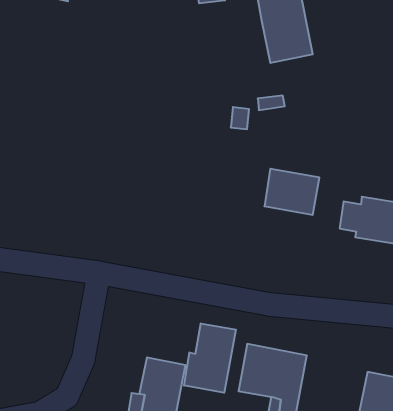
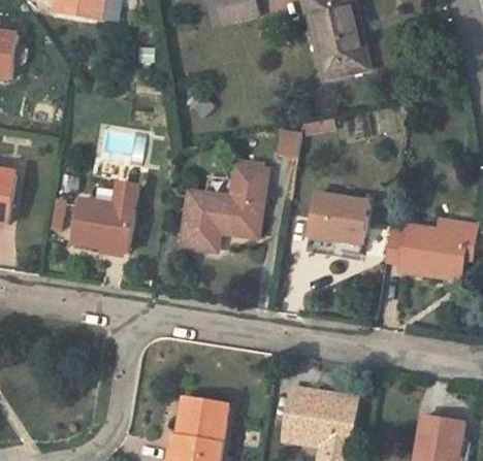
building: none -> [179,165,264,244]
building: none -> [71,182,136,242]
building: [184,323,236,393] -> none

